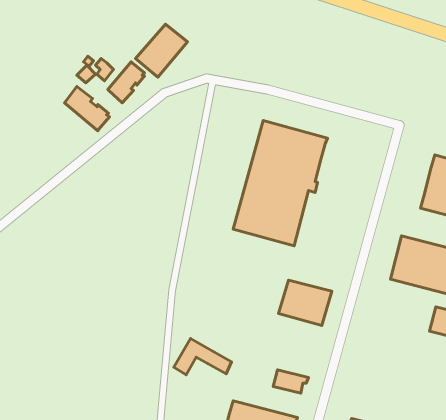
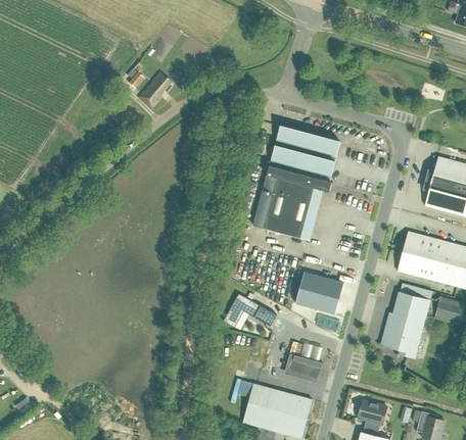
building: [135,24,188,77] -> none
building: [64,86,110,131] -> none
building: none -> [380,291,431,358]
building: [174,338,232,375] -> [224,293,277,327]

